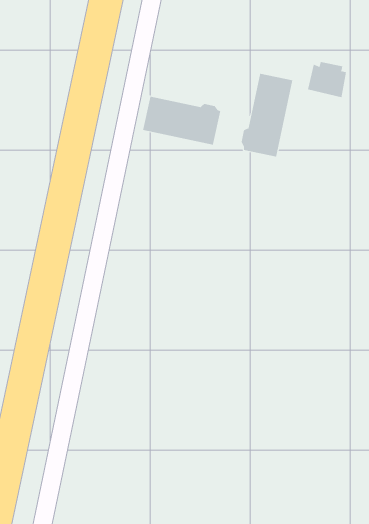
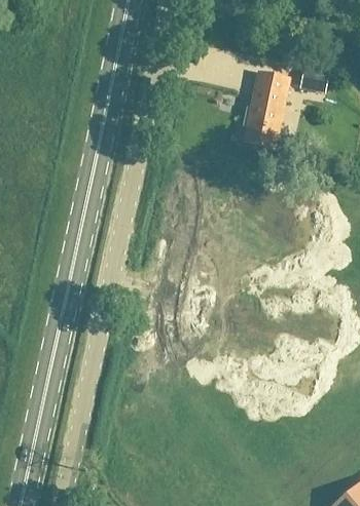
building: [143,96,221,145] -> none

